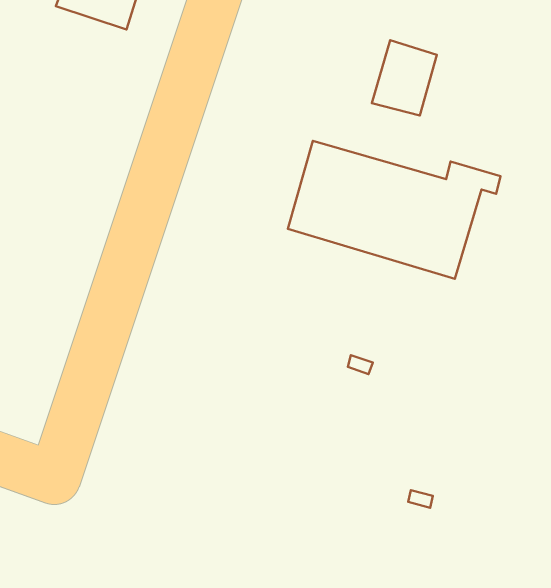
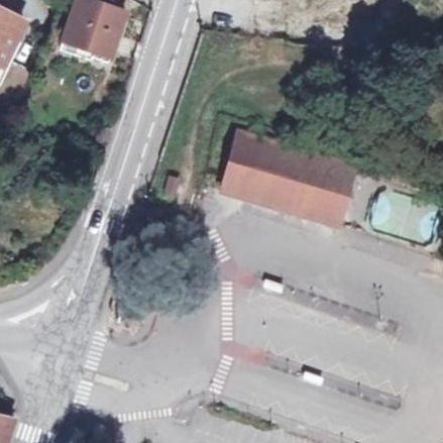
building: [372,40,437,116] -> none

